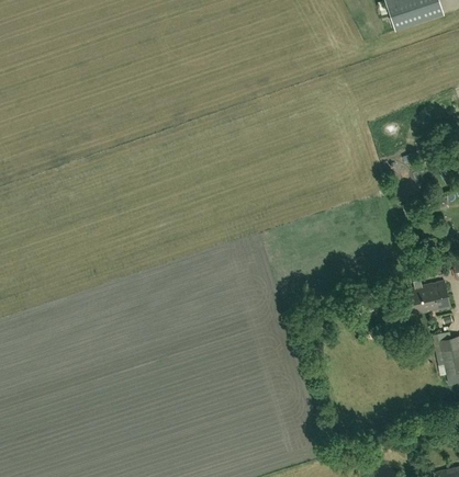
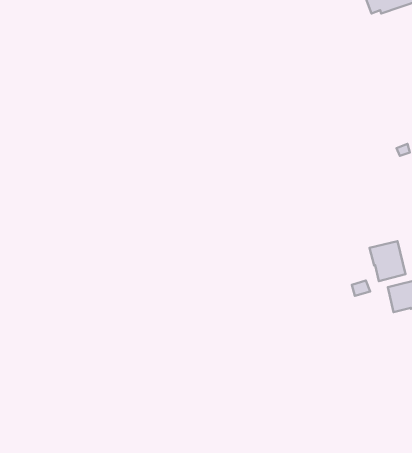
building: none -> [369,241,405,281]

